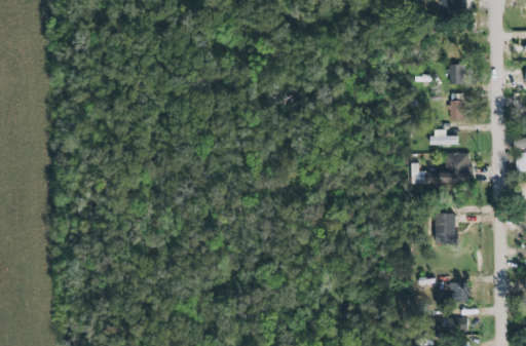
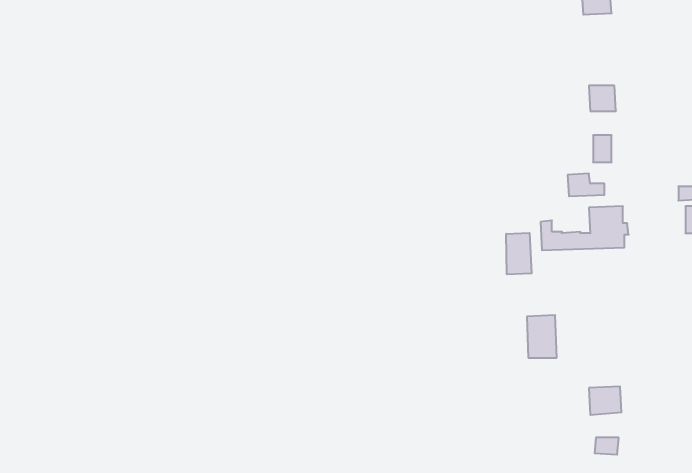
building: none -> [506,233,532,274]
building: [435,213,456,243] -> [527,315,557,358]

